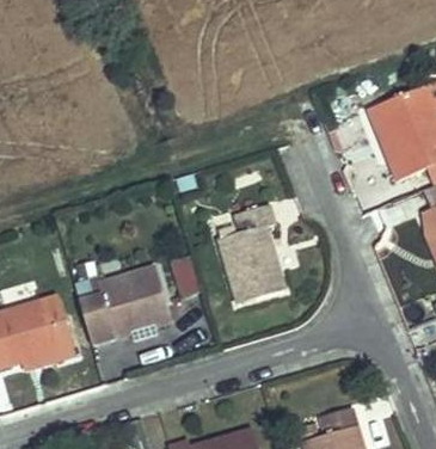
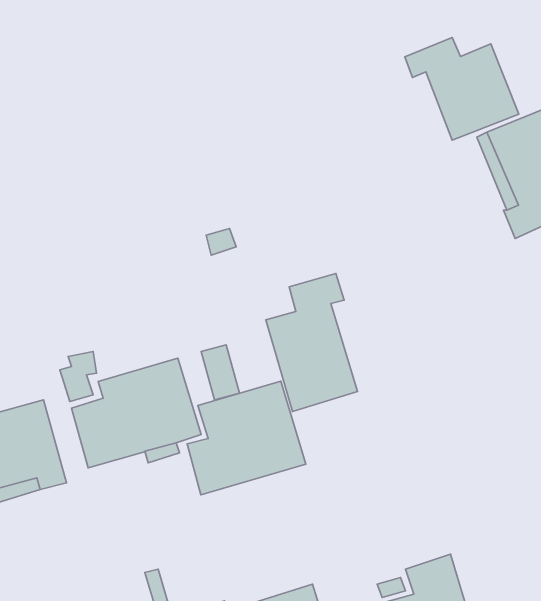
building: none -> [405,38,519,140]
building: none -> [187,381,306,495]

